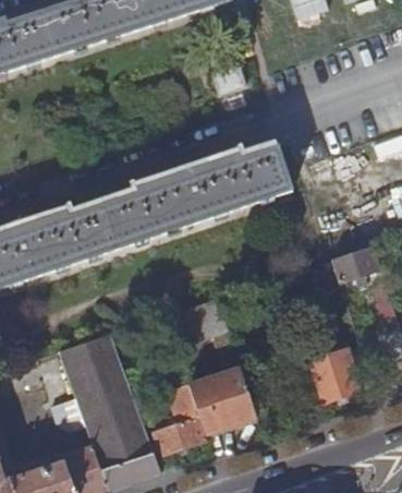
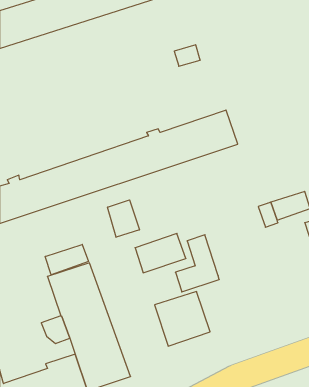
building: none -> [108,200,139,237]
building: none -> [45,244,88,275]
building: [307,348,362,401] -> none
building: [154,384,207,454] -> [175,235,219,292]

